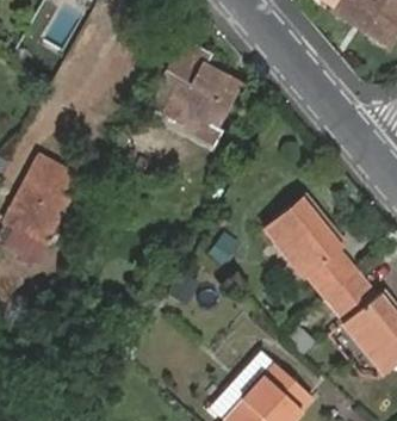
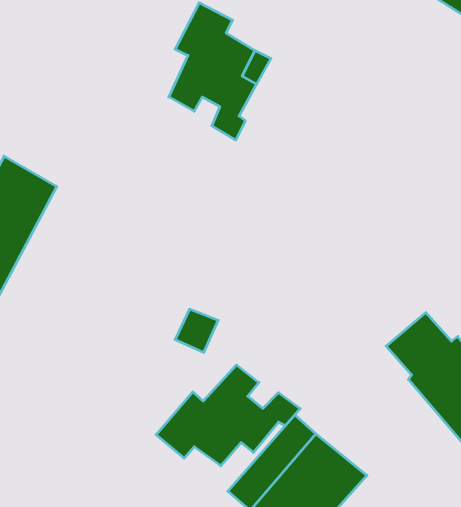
building: [263,196,356,298] -> none
building: none -> [156,365,300,466]

